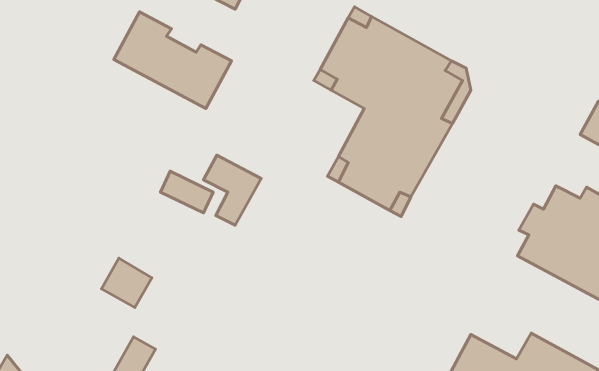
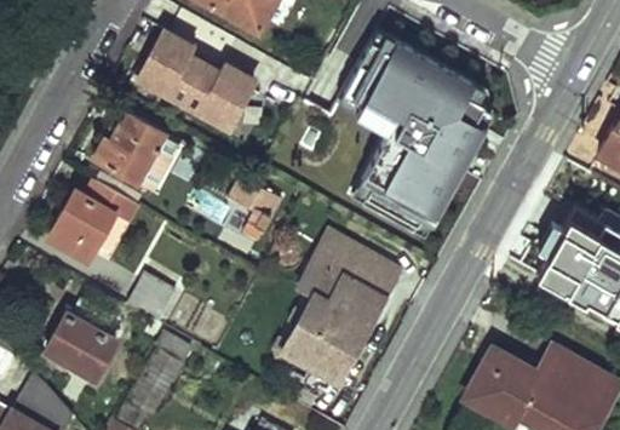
building: none -> [94,114,180,191]
building: none -> [50,182,138,254]
building: none -> [285,240,397,382]
building: none -> [44,302,115,374]

